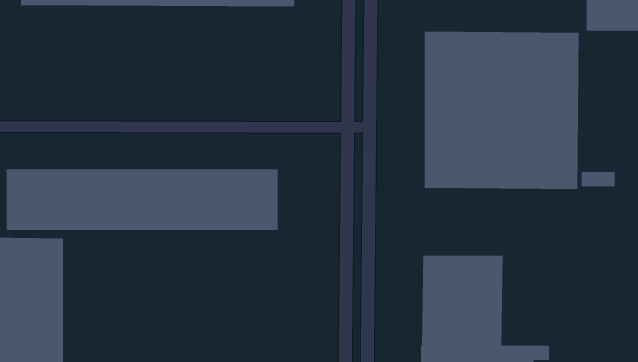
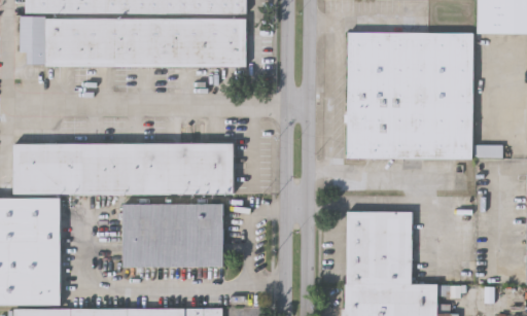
building: none -> [20,15,244,67]
building: none -> [124,204,222,267]

